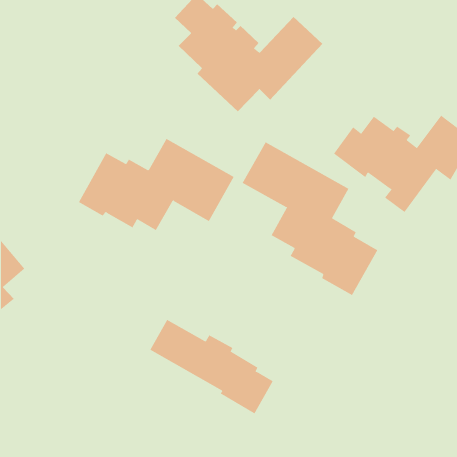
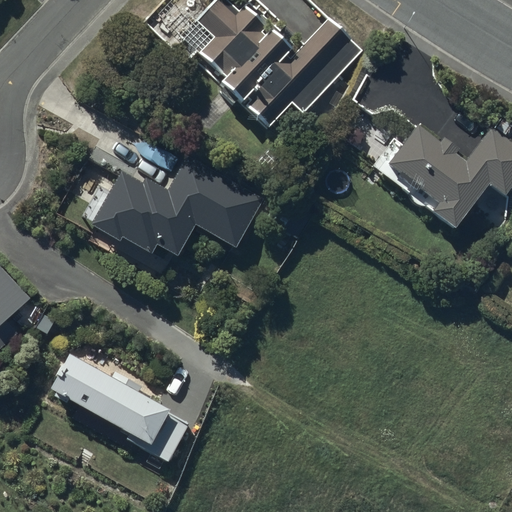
building: [242,142,378,296] -> none
building: [150,319,274,414] -> [49,355,187,461]

